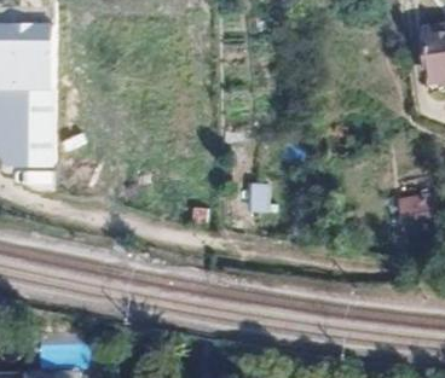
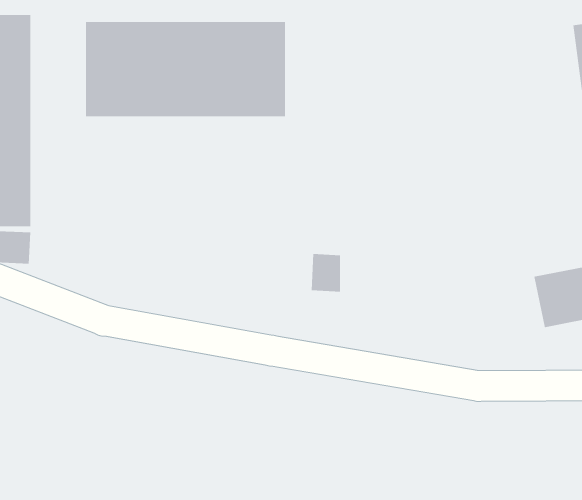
building: none -> [86,21,285,117]

